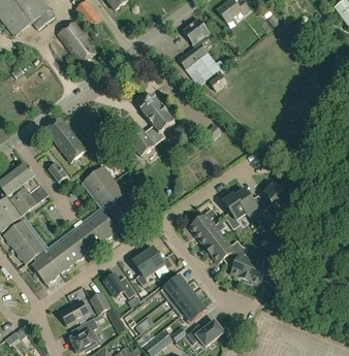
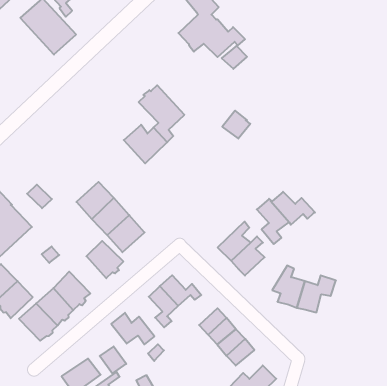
building: [46,119,86,157] -> none
building: [264,184,289,220] -> none
building: [73,222,101,251] -> none
building: [208,237,241,263] -> none

